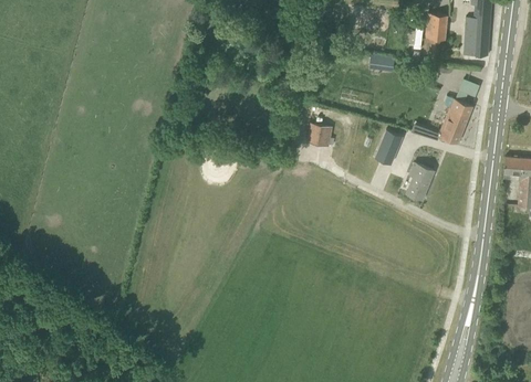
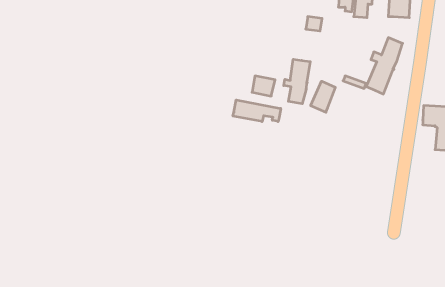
building: none -> [284,59,310,104]
building: none -> [233,100,281,122]
building: [407,162,434,199] -> none

